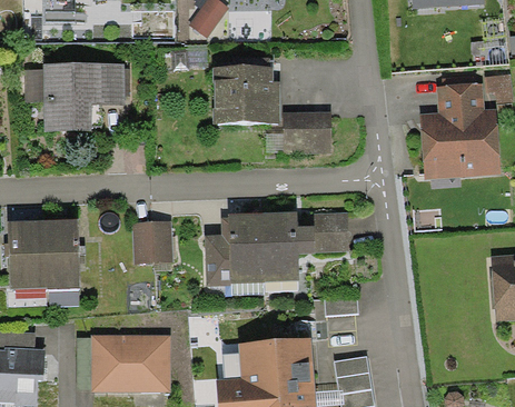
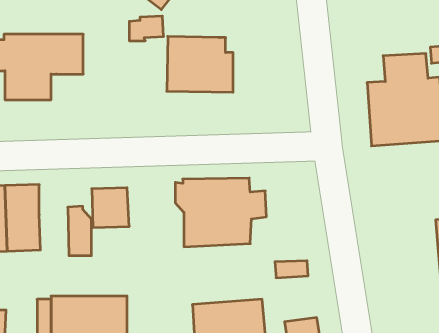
building: [283,111,330,151] -> none
building: [314,212,348,252] -> none
building: [205,235,229,286] -> [68,206,91,256]

